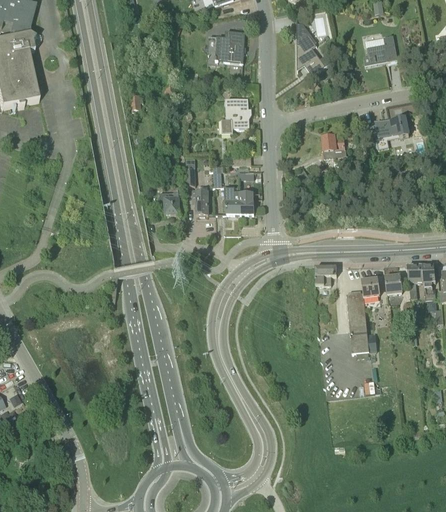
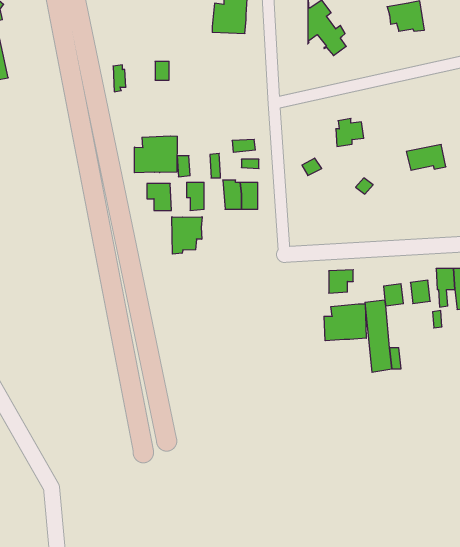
building: [220,98,248,134] -> none
building: [374,116,408,138] -> [406,145,446,170]
building: none -> [135,136,177,173]
building: none -> [172,217,202,254]
building: none -> [324,304,366,341]

